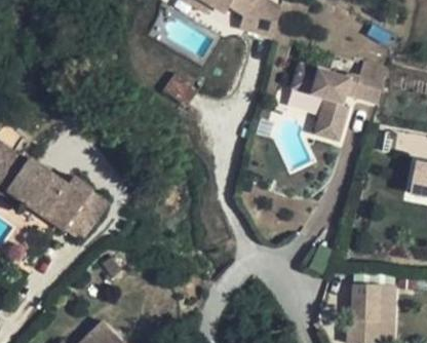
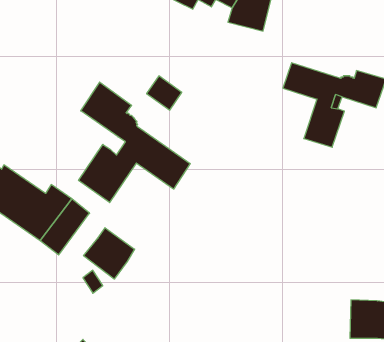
building: none -> [79,82,190,203]
building: none -> [84,228,135,279]

